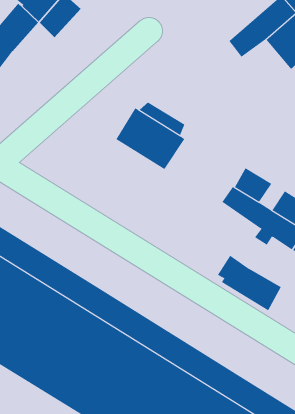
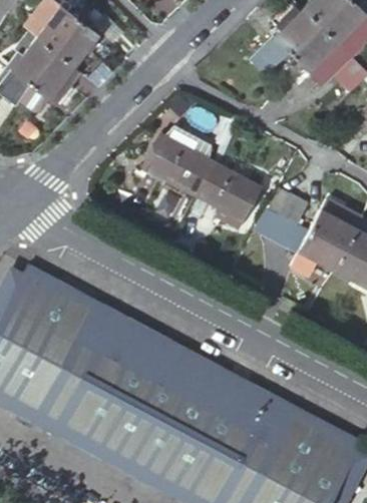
building: none -> [30,53,79,107]
building: none -> [196,163,261,229]
building: [217,255,282,311] -> none

